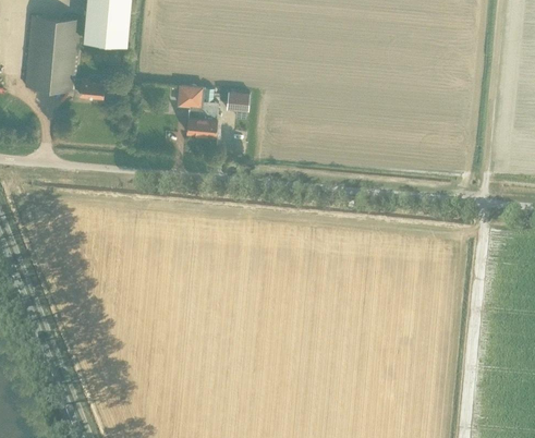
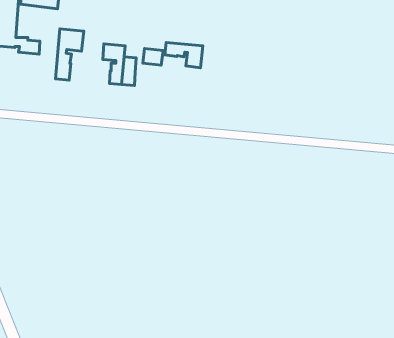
building: none -> [56,29,84,80]
building: none -> [165,42,203,68]

